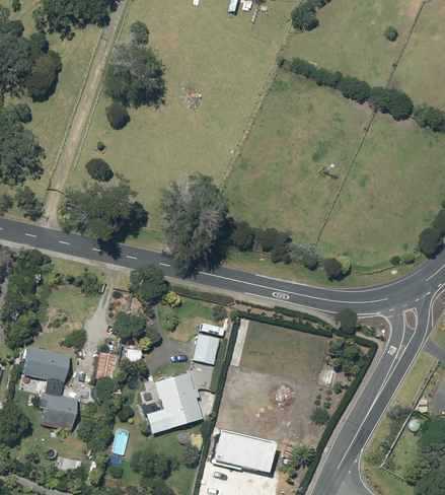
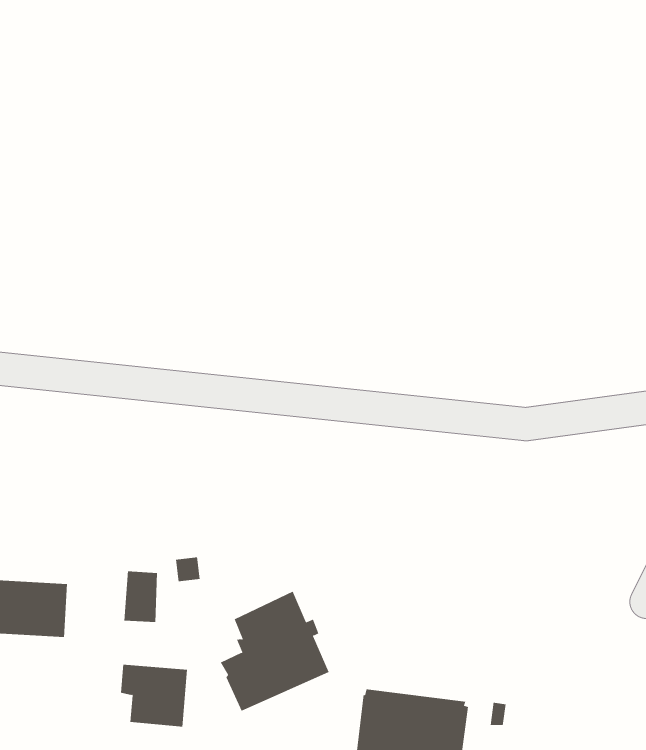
building: [194,334,220,364] -> none
building: [38,391,75,428] -> [120,664,188,727]

